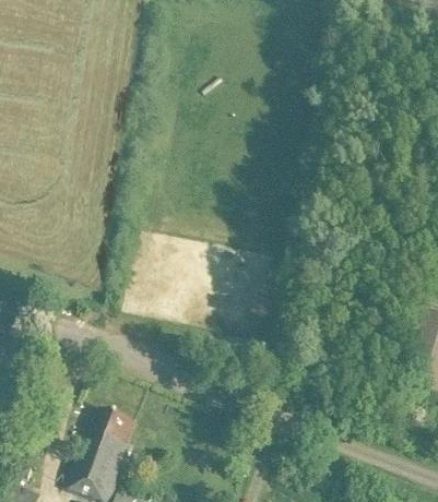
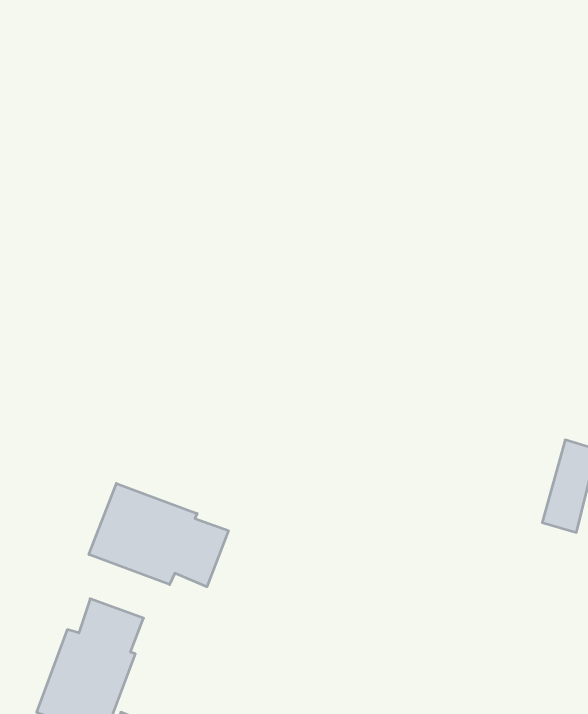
building: none -> [89,483,228,587]

